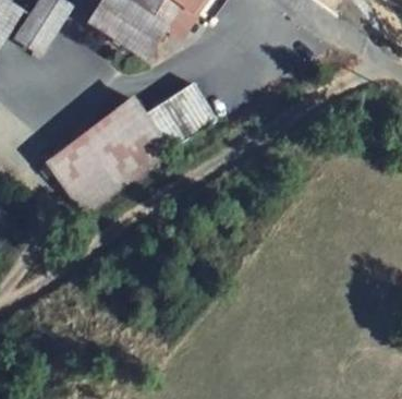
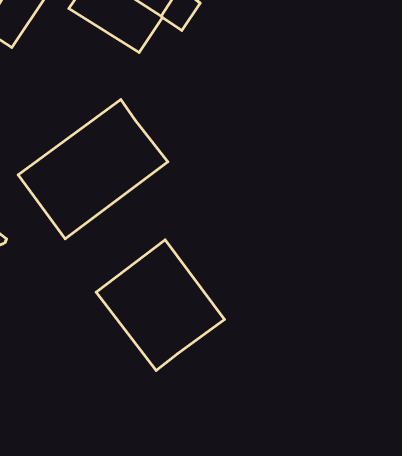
building: [144,82,217,148] -> none
building: none -> [96,240,225,371]

